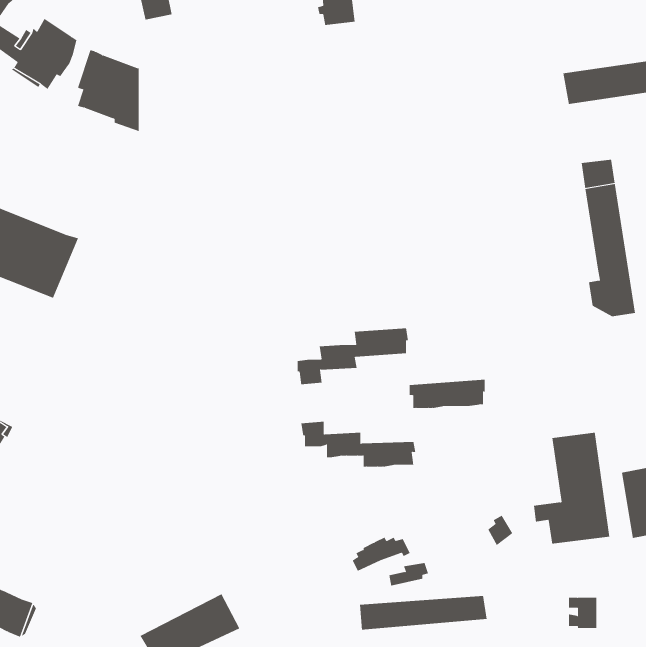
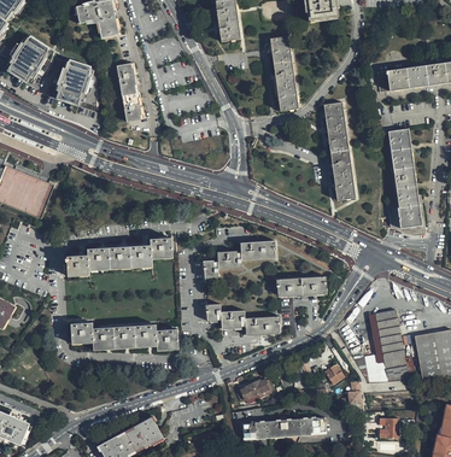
building: none -> [269,35,298,112]
building: none -> [117,61,142,121]
building: none -> [323,102,355,200]
building: none -> [69,240,175,273]
building: none -> [72,323,180,347]

